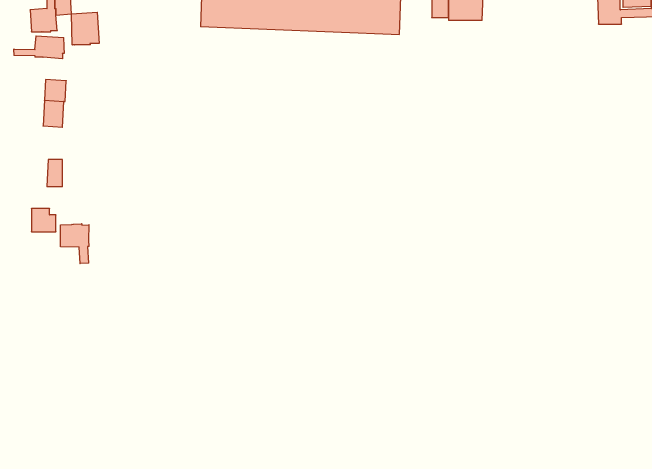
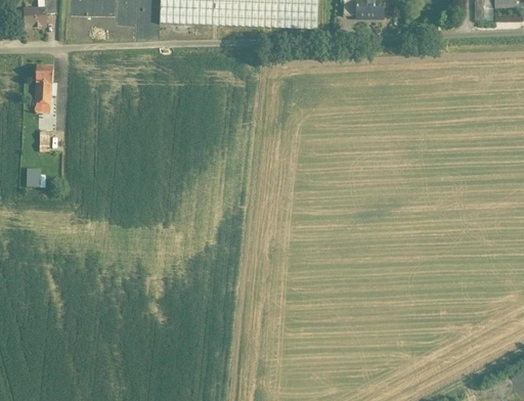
building: [71,12,99,45] -> none
building: [14,36,64,59] -> none
building: [61,224,89,264] -> none

